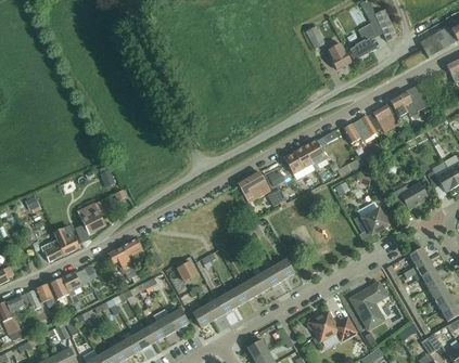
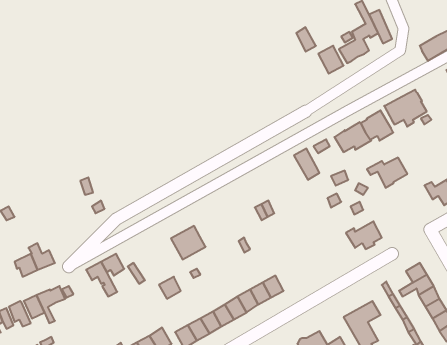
building: [278,146,317,174] -> none
building: [238,171,270,203] -> [171,226,206,259]
building: [391,182,429,210] -> [367,158,407,188]
building: [78,203,105,233] -> none

